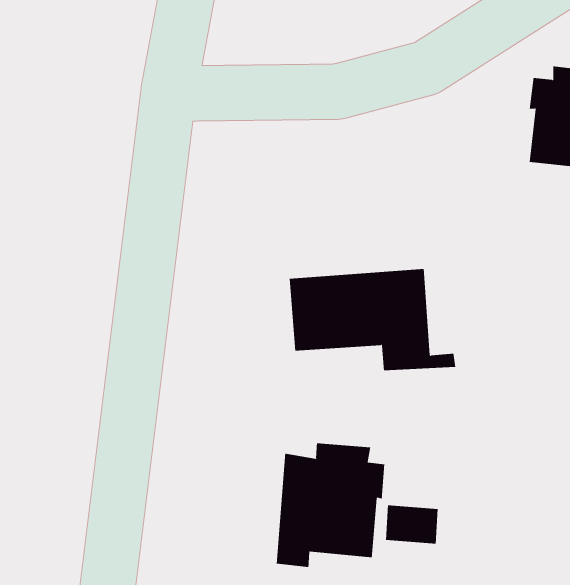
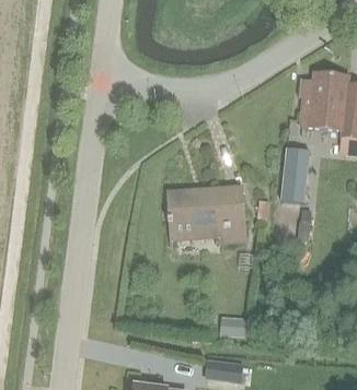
building: none -> [280,146,308,202]
building: [276,443,385,568] -> none

